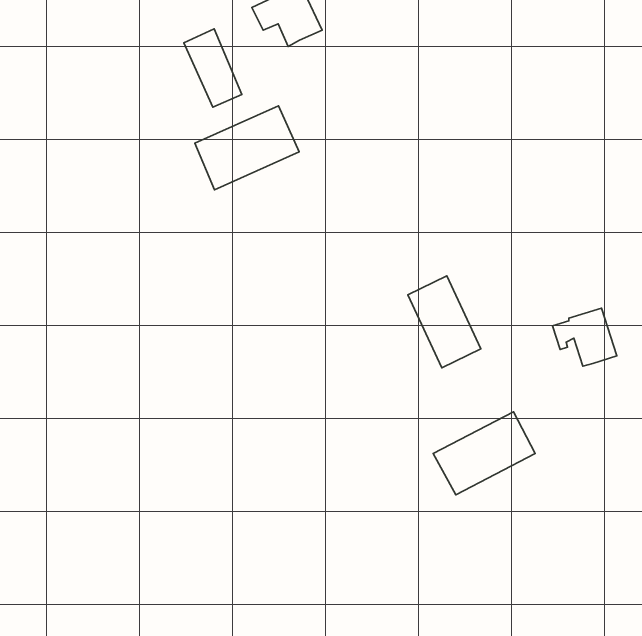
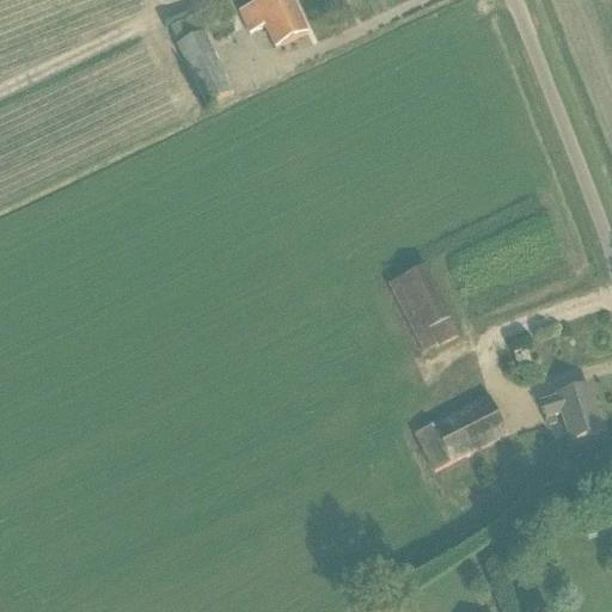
building: [195,106,299,190] -> none
building: [552,308,617,366] -> [540,381,601,436]

